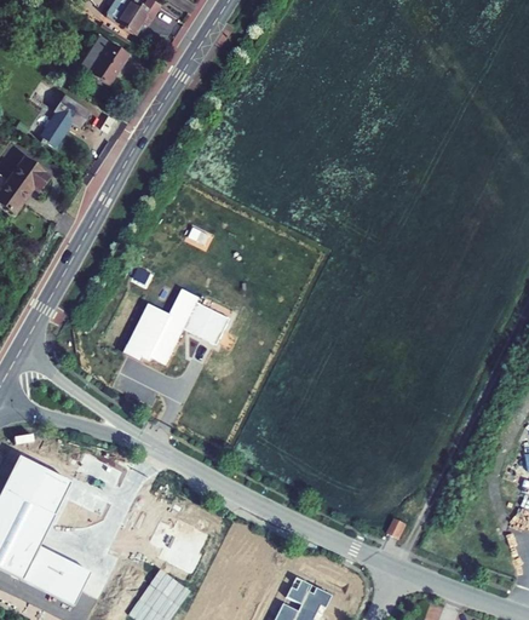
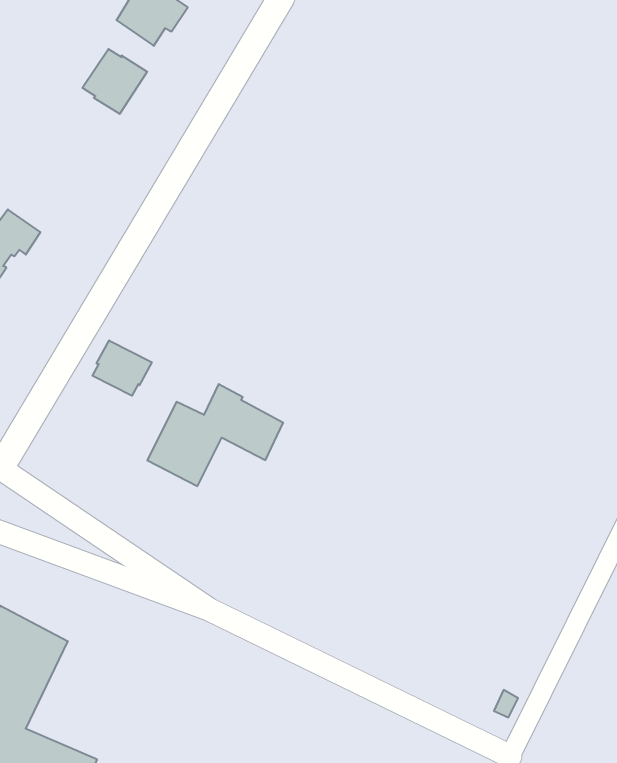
building: [38,94,88,148] -> none
building: none -> [92,340,152,396]

